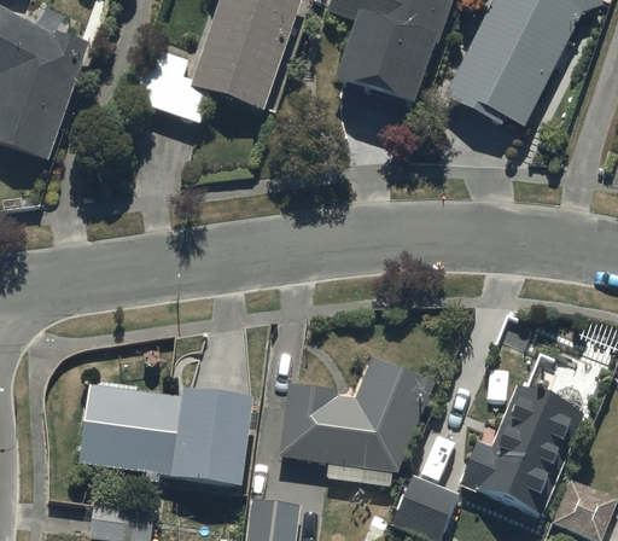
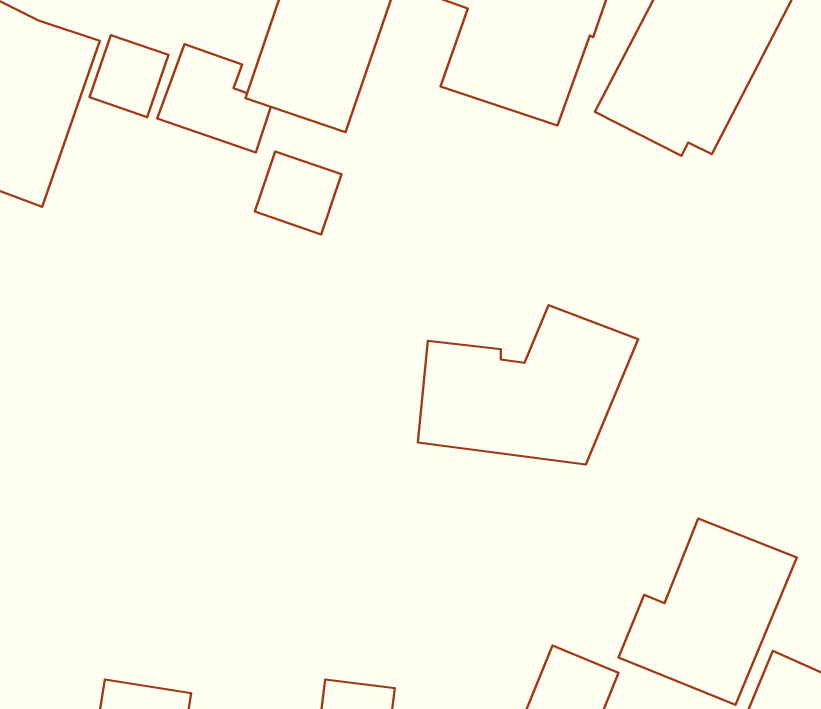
building: none -> [90,35,168,117]
building: none -> [255,151,342,234]
building: [278,356,435,470] -> [418,305,638,465]
building: [80,383,252,483] -> none

